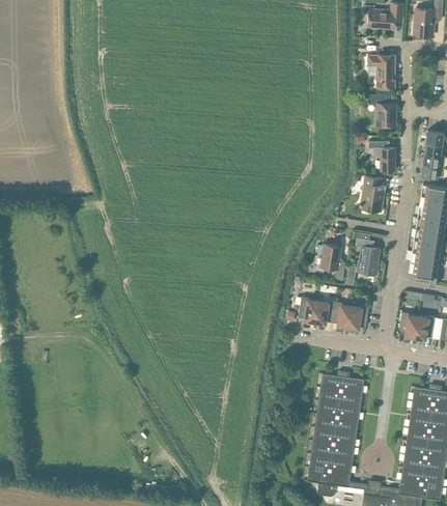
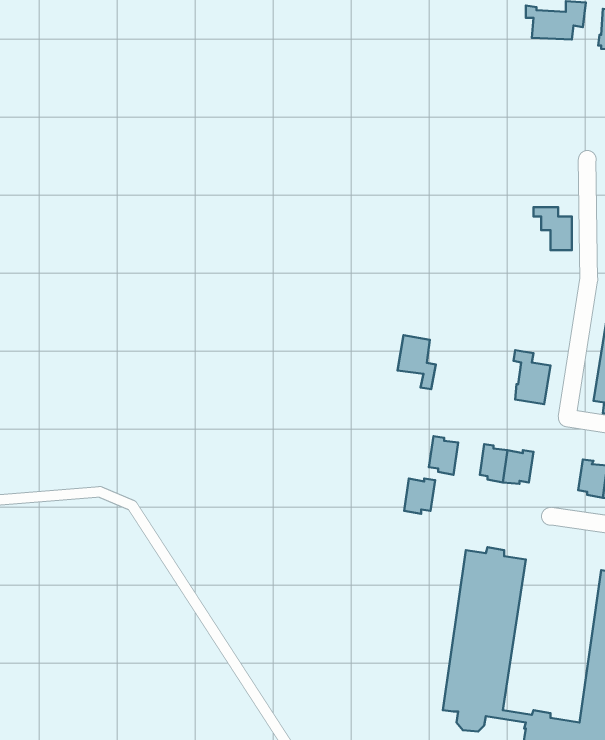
building: [368,55,395,88] -> none
building: [370,95,396,126] -> none
building: [361,176,386,212] -> none
building: [319,244,345,280] -> [397,335,436,389]
building: [315,301,336,325] -> [404,479,435,514]

